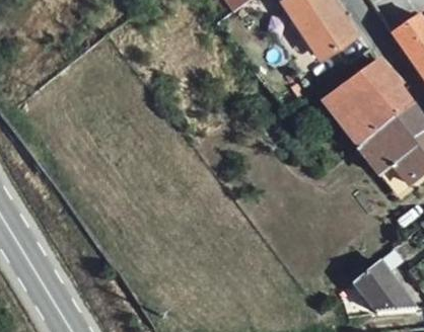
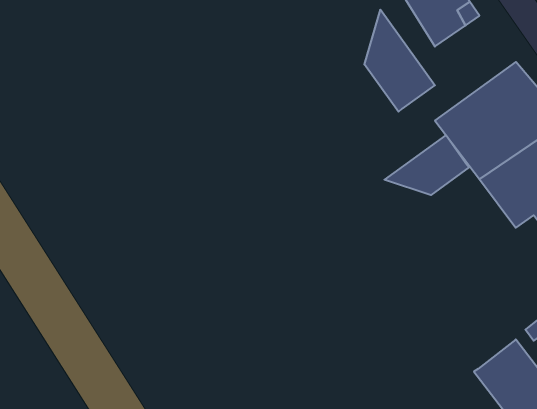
building: none -> [364,10,435,112]
building: none -> [384,135,469,195]

